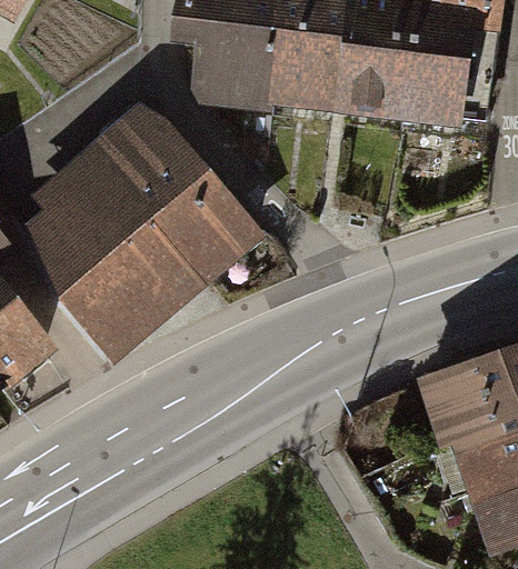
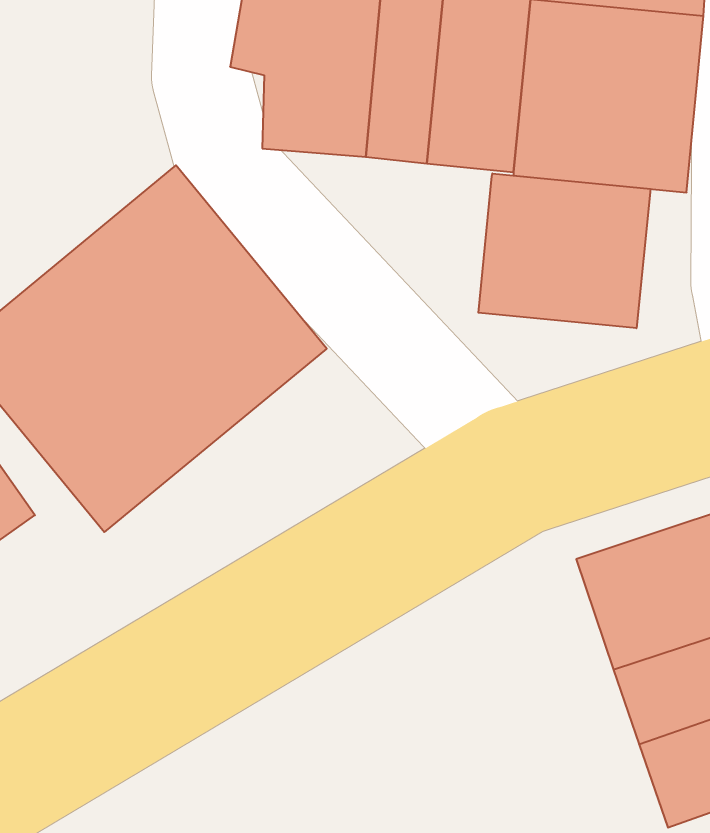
building: none -> [478,173,650,328]

